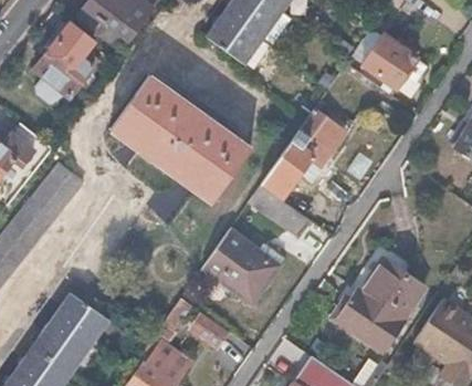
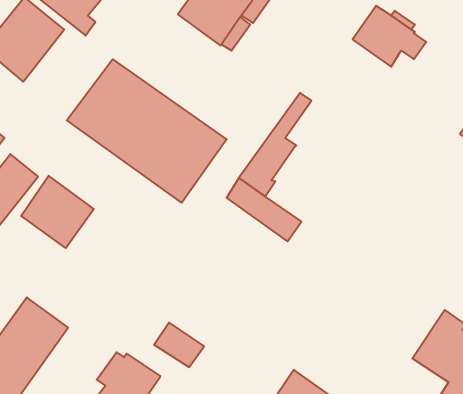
building: [302,115,347,166] -> none
building: none -> [21,176,94,248]
building: [203,228,279,301] -> none
building: [336,242,424,350] -> none

